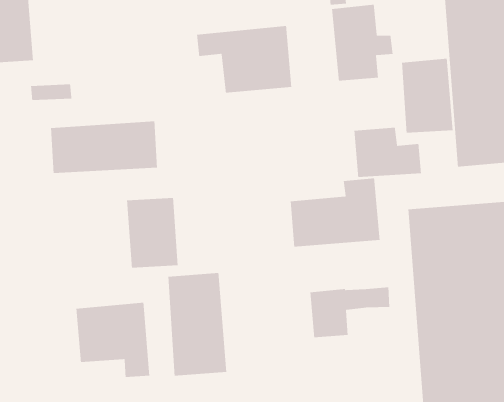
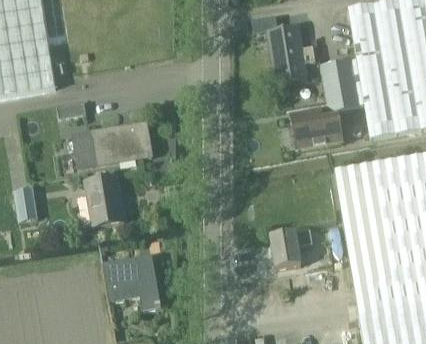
building: [196,25,292,94] -> none
building: [290,177,380,247] -> none
building: [126,197,179,269] -> [83,174,125,228]
building: [167,272,227,377] -> none

